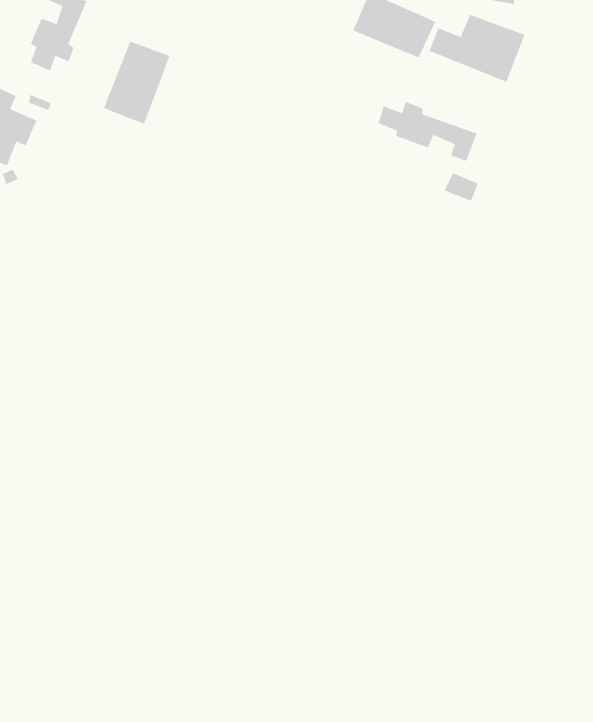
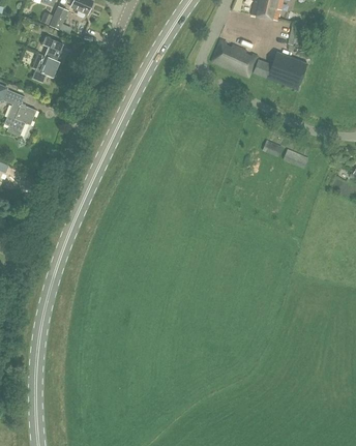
building: [103,41,170,125] -> none
building: [378,101,478,162] -> none

